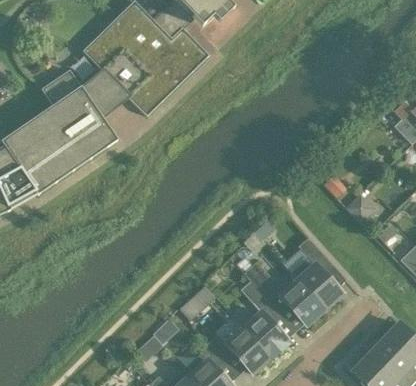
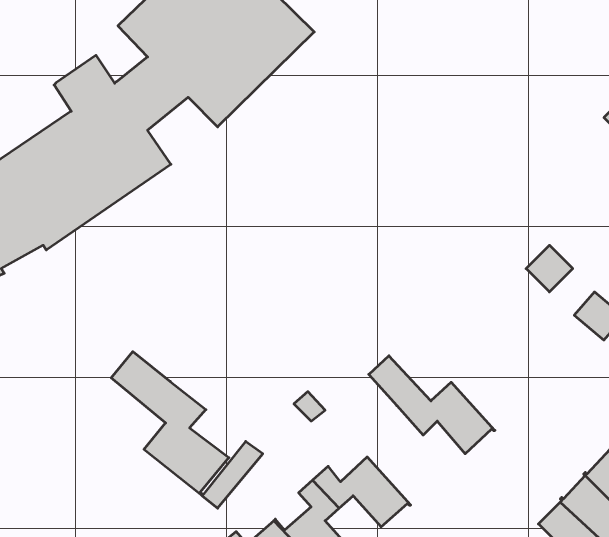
building: [291,247,342,311] -> none
building: none -> [111,352,229,496]
building: [243,295,288,359] -> none

